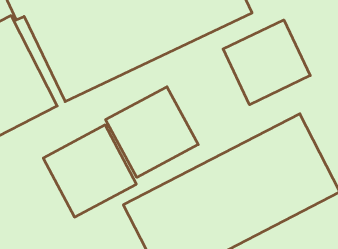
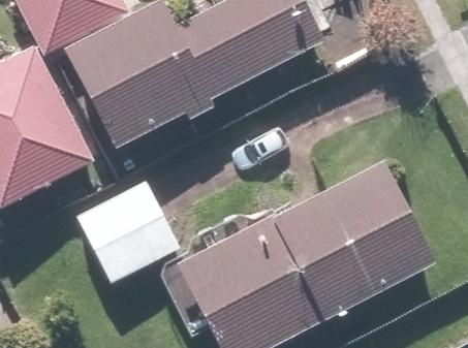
building: [223,20,310,105] -> none
building: [106,87,198,177] -> none

